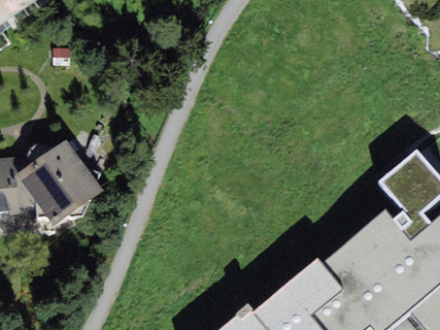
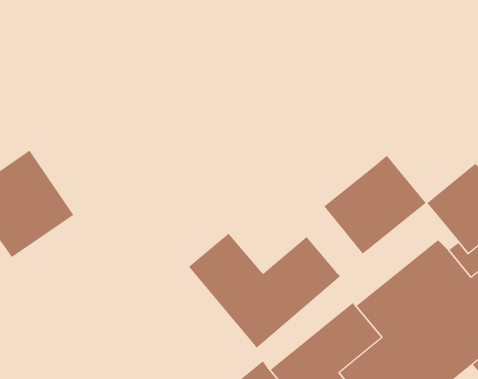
building: none -> [323,155,426,255]
building: none -> [188,233,341,348]

